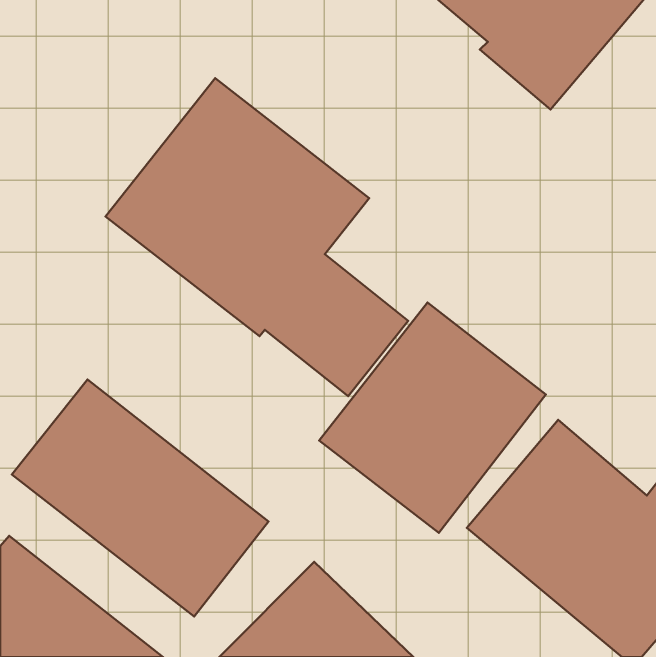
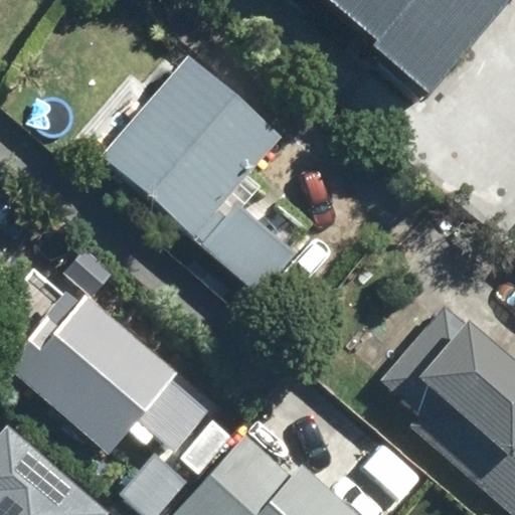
building: [319,302,546,533] -> none

